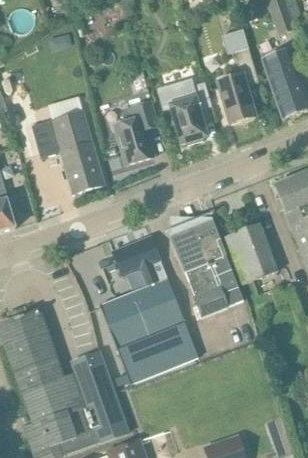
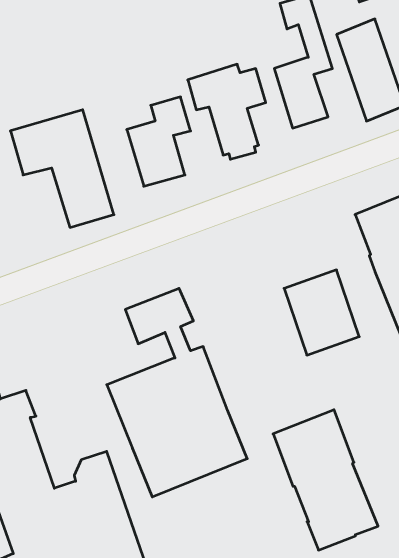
building: [169,217,243,316] -> [273,410,378,550]

